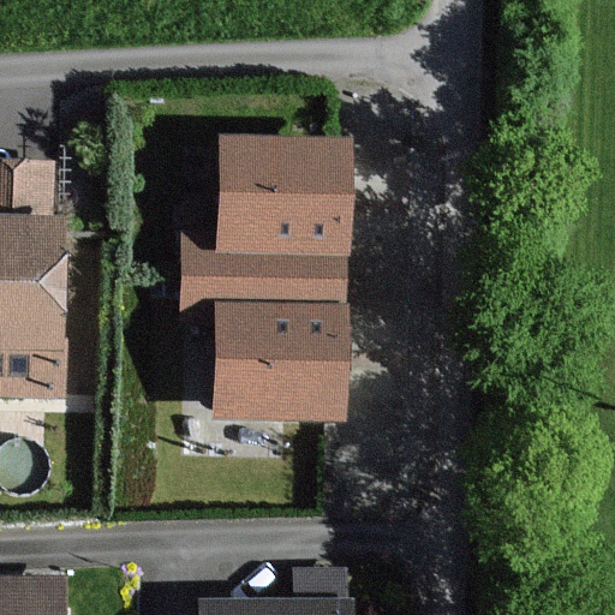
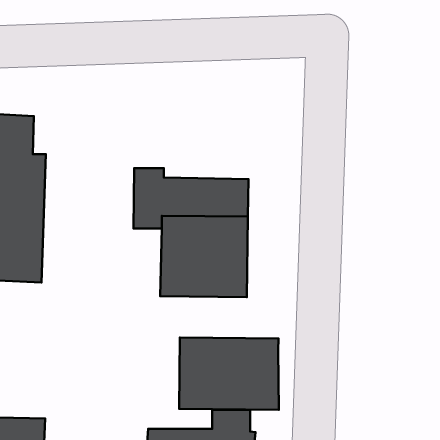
building: [227,139,347,252] -> none
building: none -> [179,338,279,410]

